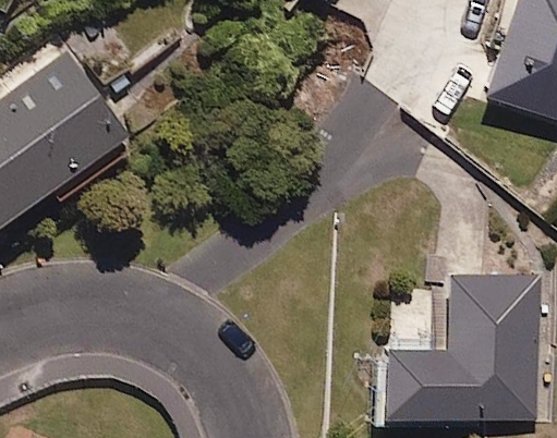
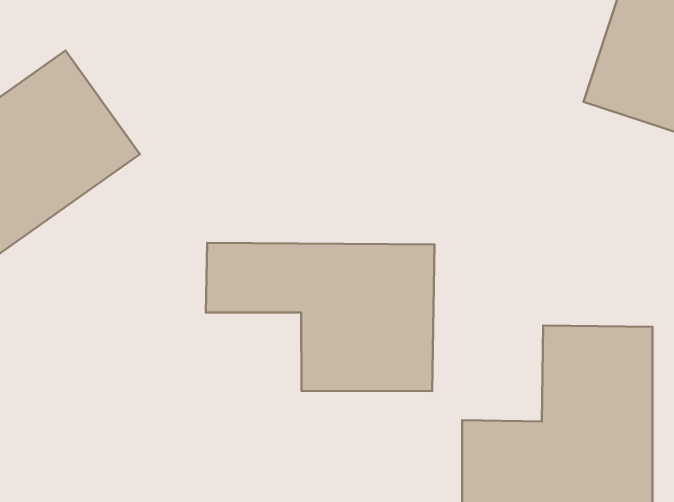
building: none -> [206,243,435,391]

